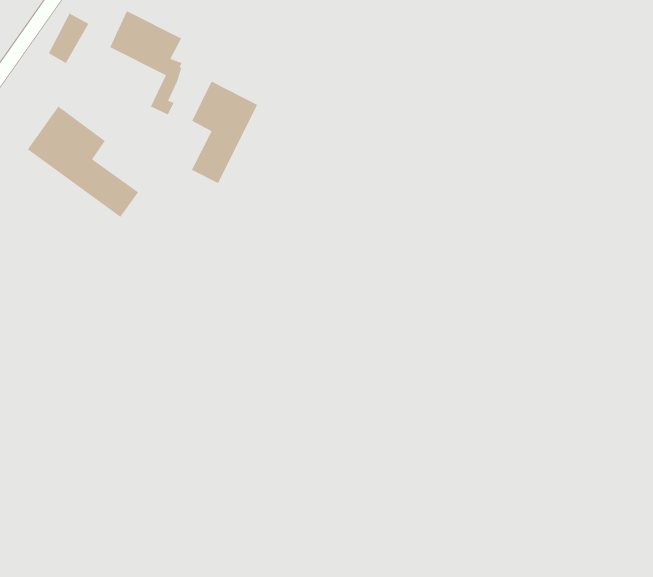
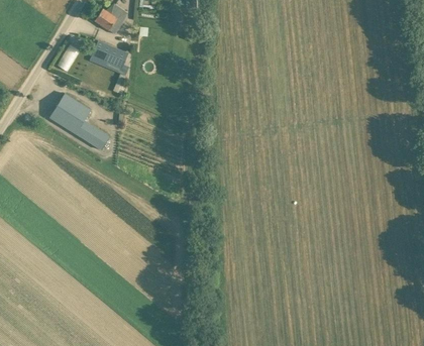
building: [191,80,258,184] -> none

